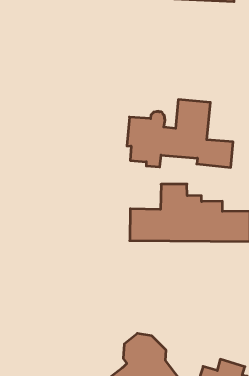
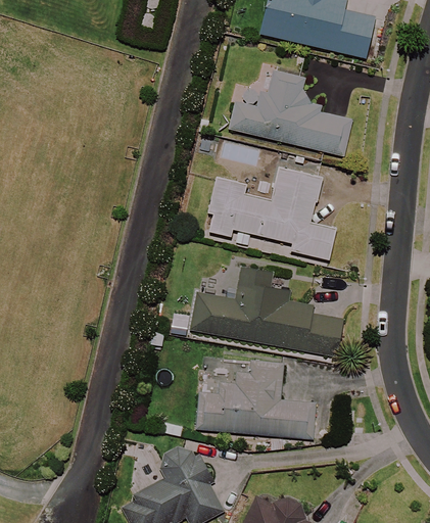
building: none -> [228,72,351,156]
building: none -> [196,360,317,438]

